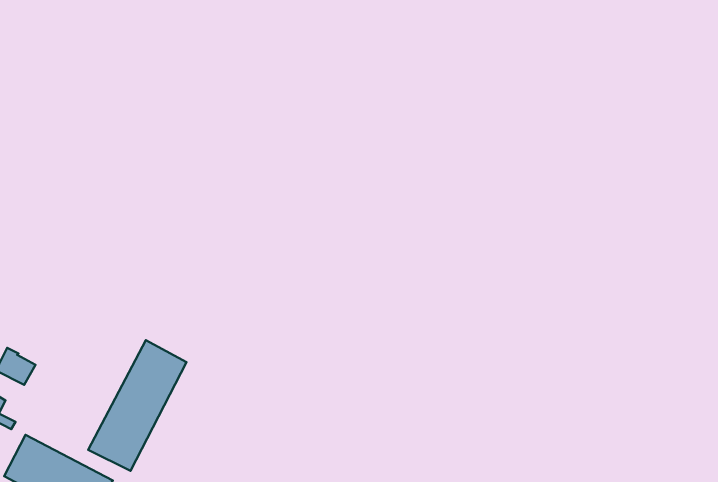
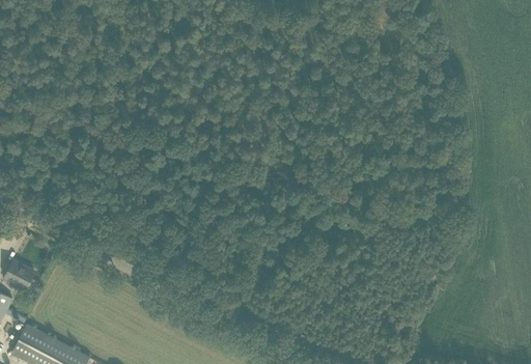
building: [88,340,187,471] -> none

